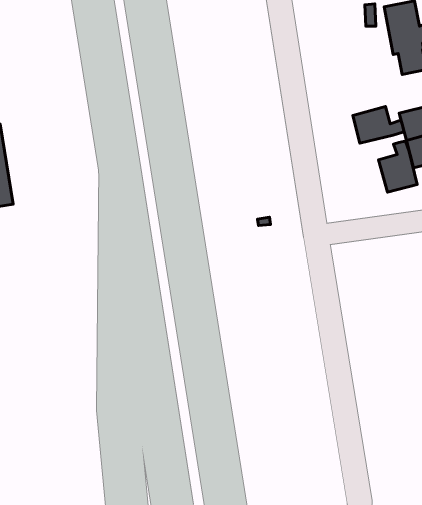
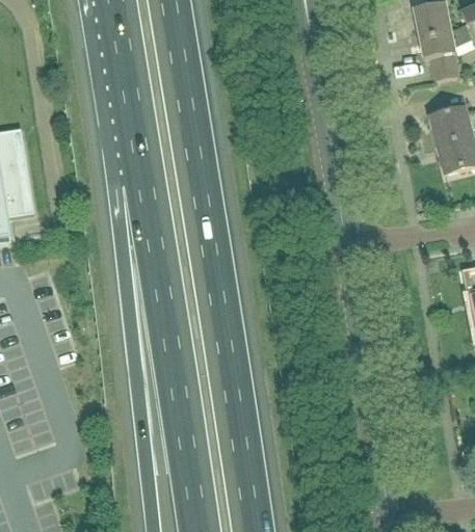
building: [353,106,404,143] -> none
building: [379,141,417,192] -> none

